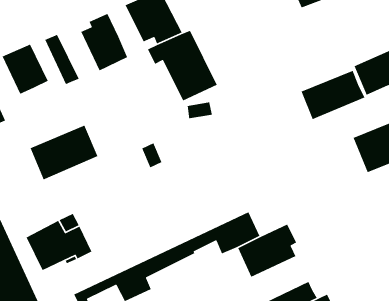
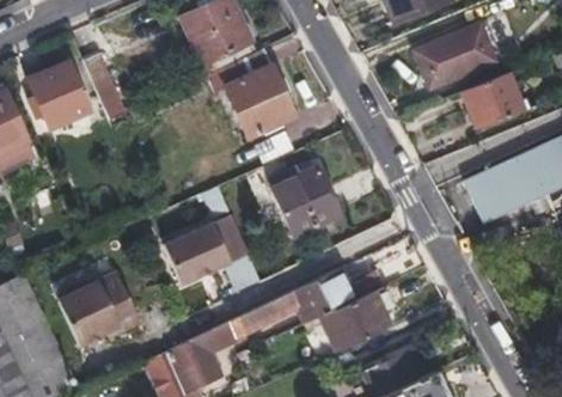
building: [80,13,128,72] -> none
building: [301,70,366,120] -> [420,24,500,86]
building: none -> [273,163,344,232]
building: [30,124,98,181] -> [161,215,246,285]

